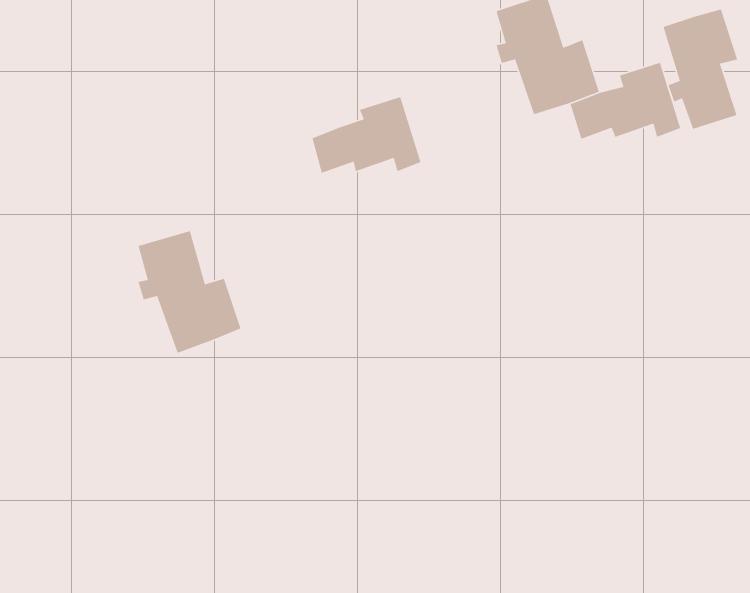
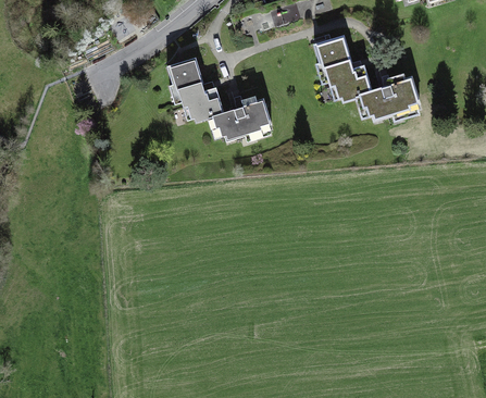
building: [663,9,738,130] -> none
building: [137,230,242,354] -> [166,53,226,124]

